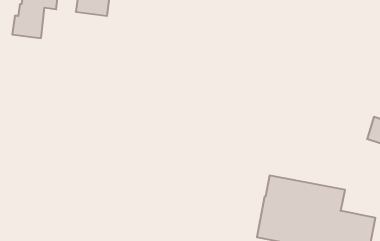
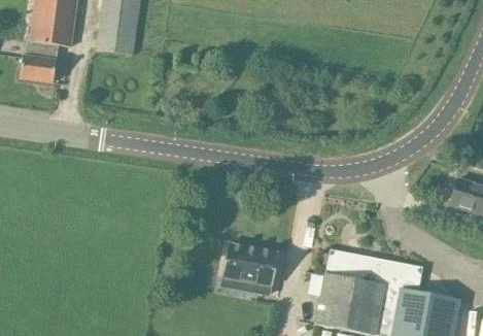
building: none -> [220,242,277,294]

